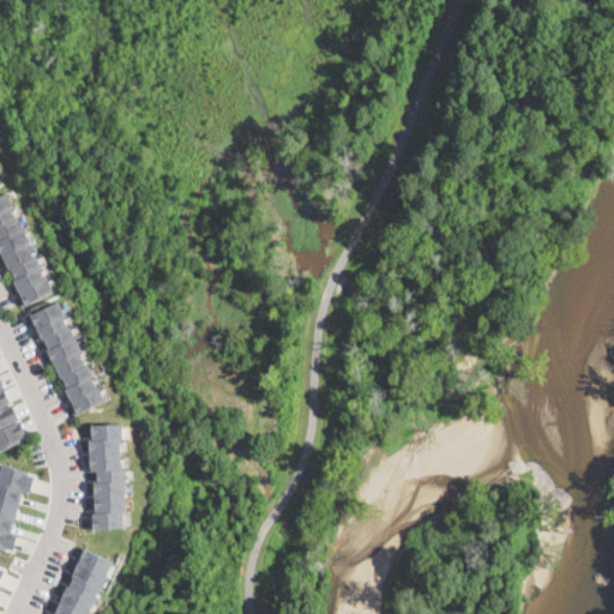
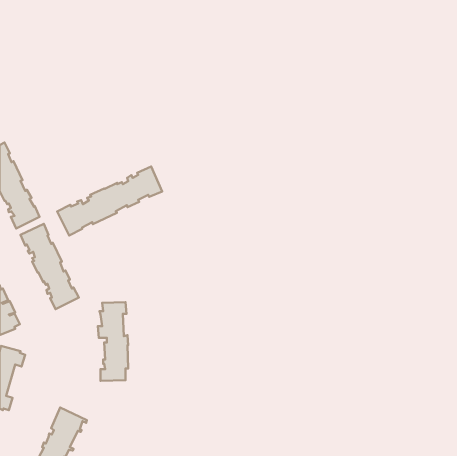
building: none -> [57,167,162,236]
building: [85,425,126,530] -> [98,302,128,381]

